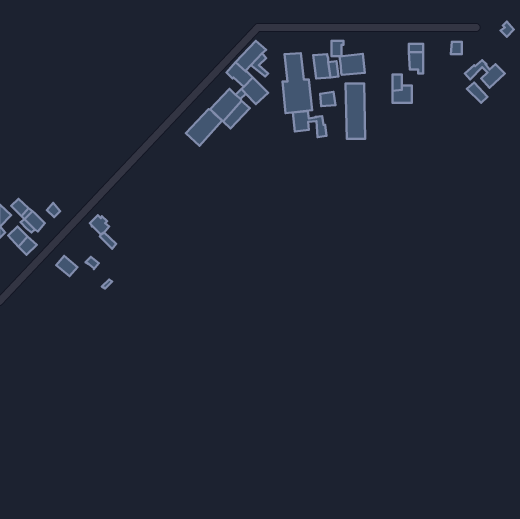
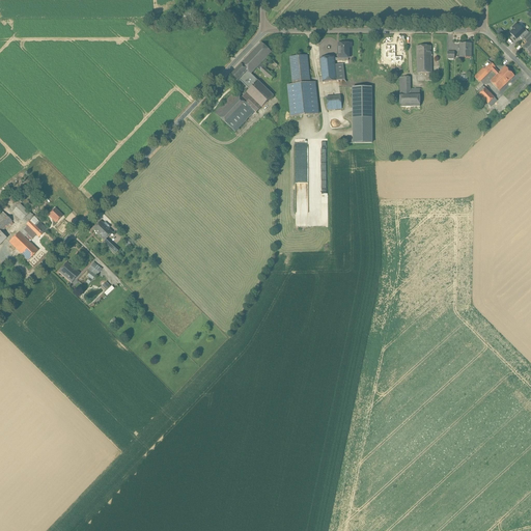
building: [339,54,365,75] -> none
building: [186,109,222,146] -> none
building: [293,111,327,137] -> none

